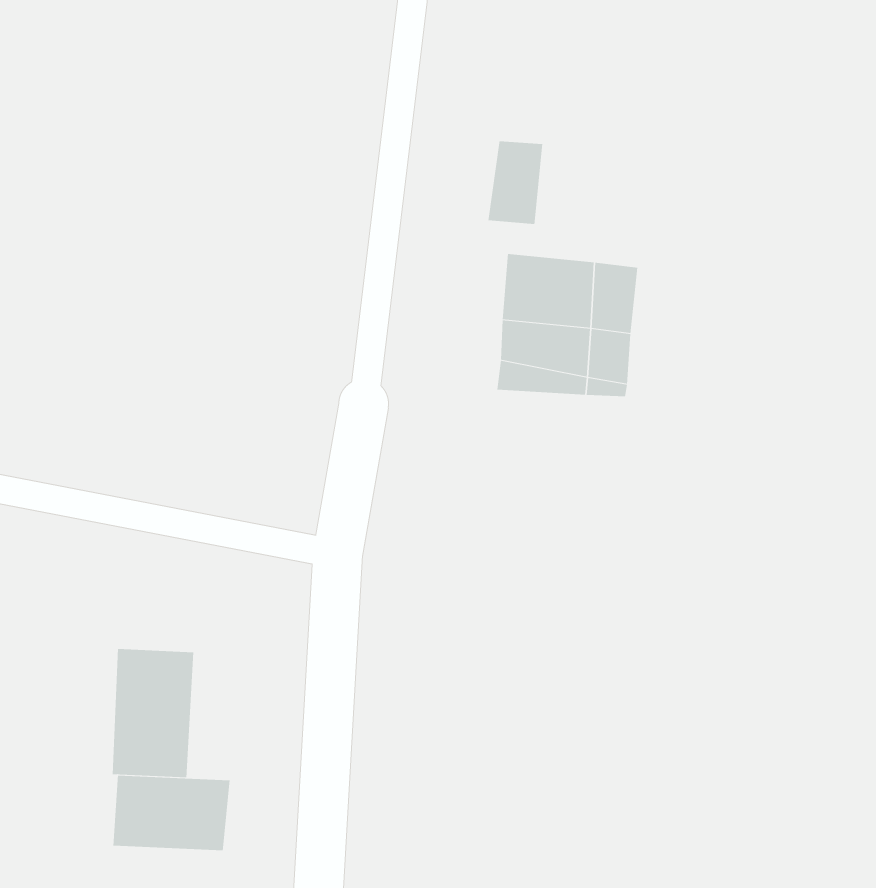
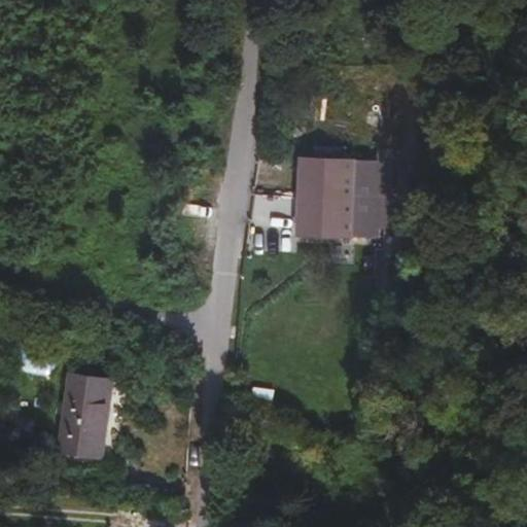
building: [488,140,543,225] -> none
building: [113,775,230,851] -> none

